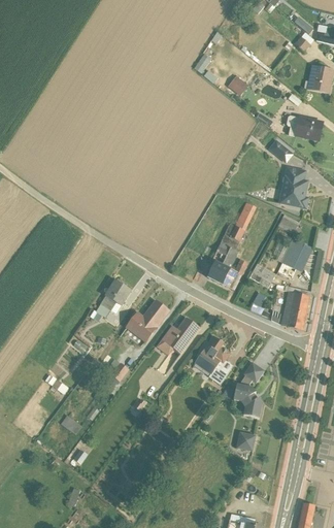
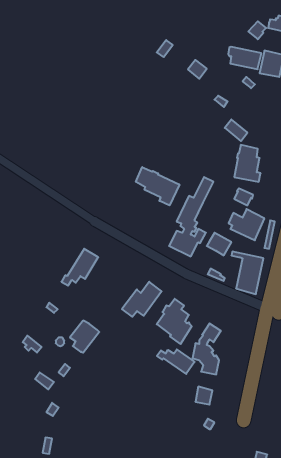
building: [287,116,323,140] -> [228,47,261,69]
building: none -> [136,167,179,205]
building: [125,300,168,341] -> none
building: none -> [157,349,195,374]

